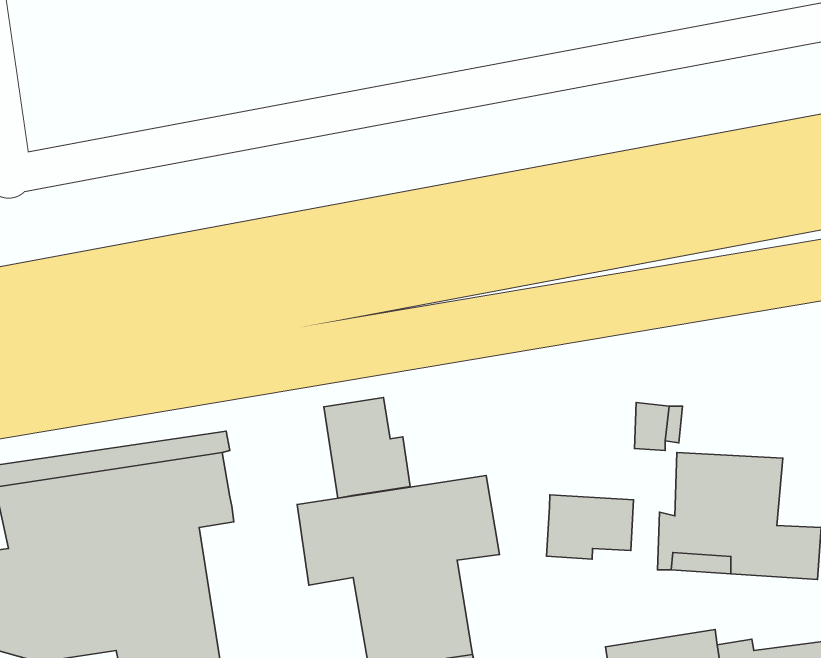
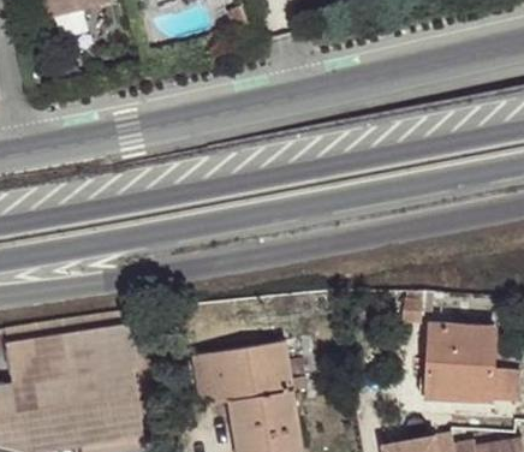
building: [324,397,410,498] -> none
building: [547,495,633,559] -> none

